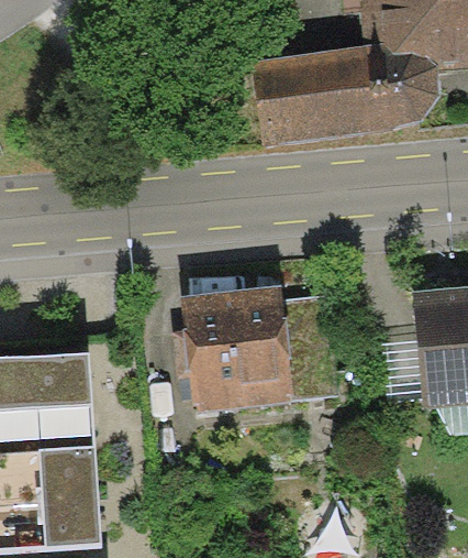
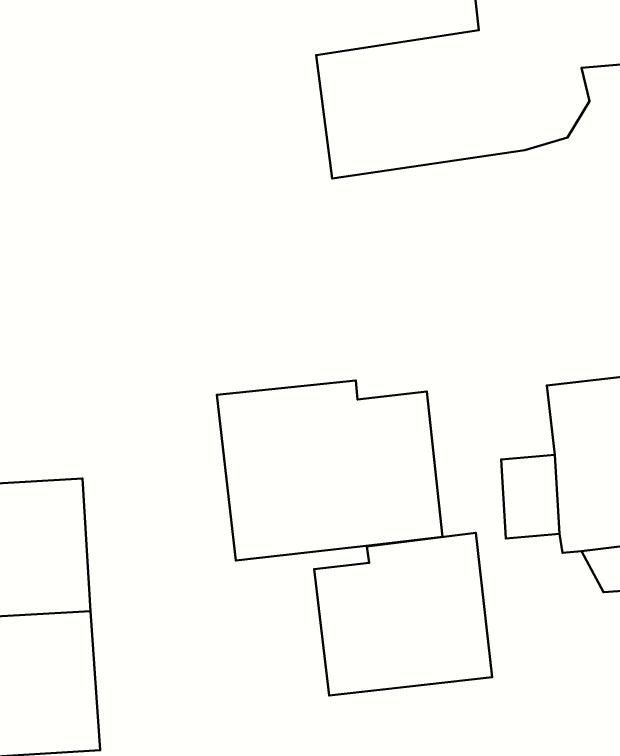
building: none -> [314,533,492,695]

